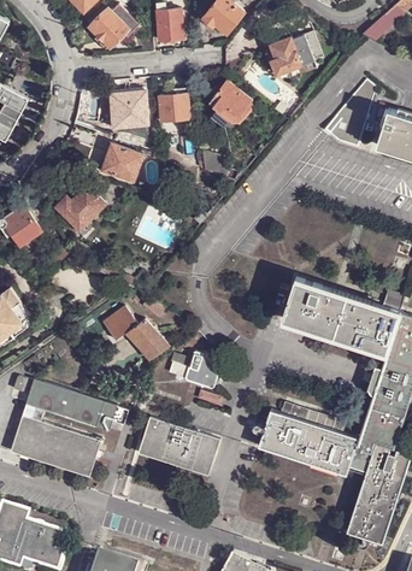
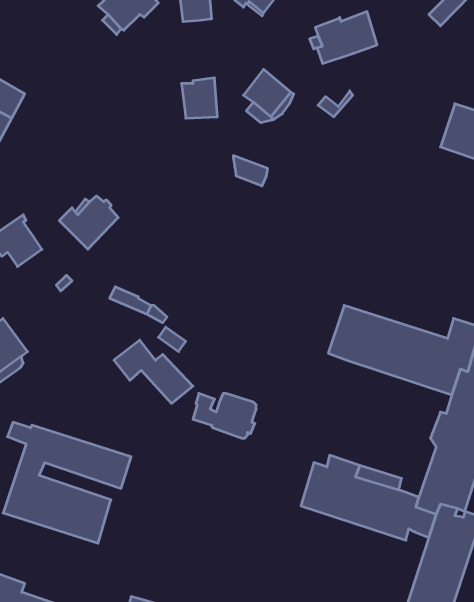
building: [323,80,375,147] -> none
building: [108,92,148,129] -> none
building: [101,143,142,182] -> none
building: [136,416,218,476] -> none

